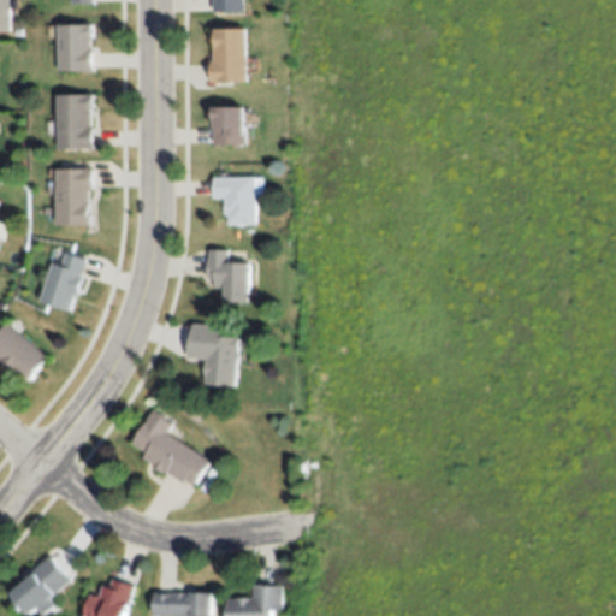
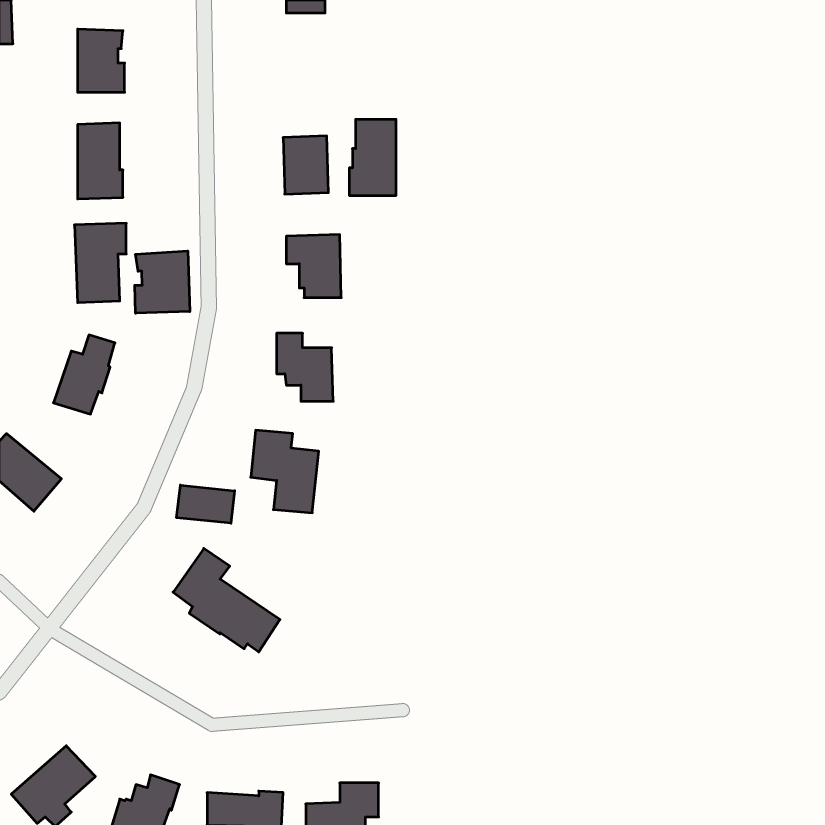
building: [209,25,244,82] -> [349,119,396,195]
building: none -> [135,251,190,313]
building: none -> [177,485,235,523]

